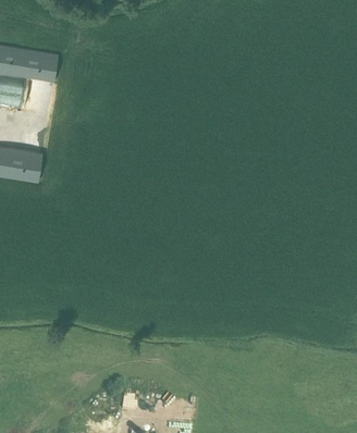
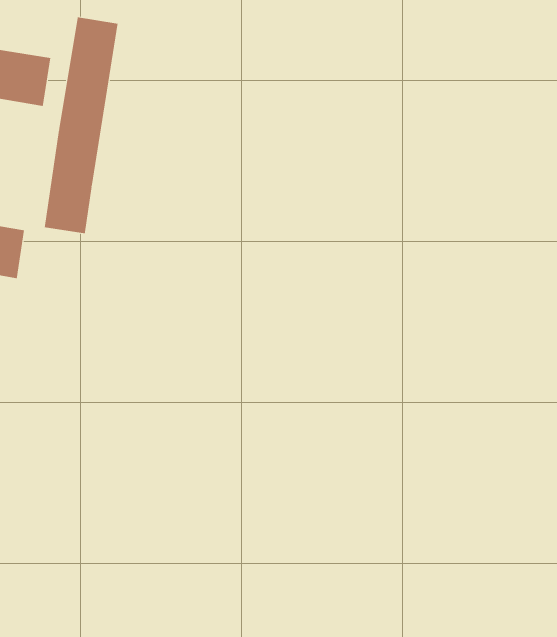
building: none -> [44,16,118,234]

